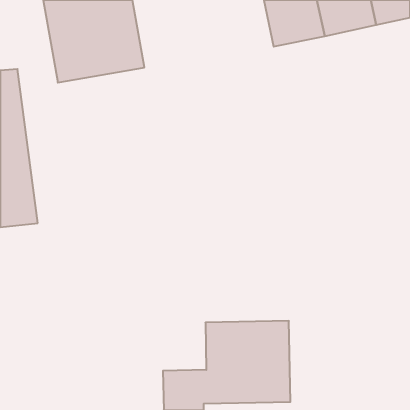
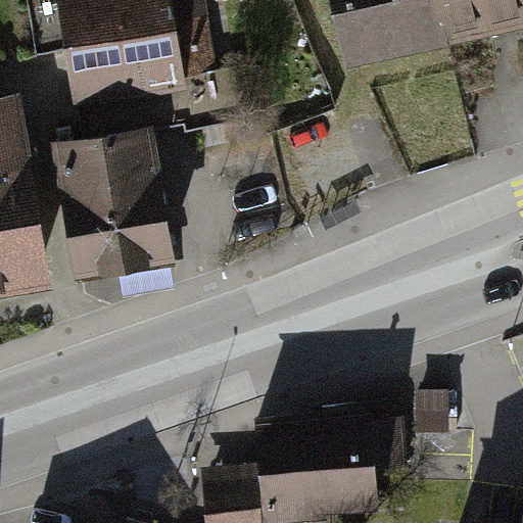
building: none -> [56,123,171,276]

